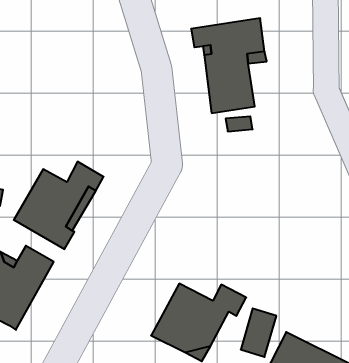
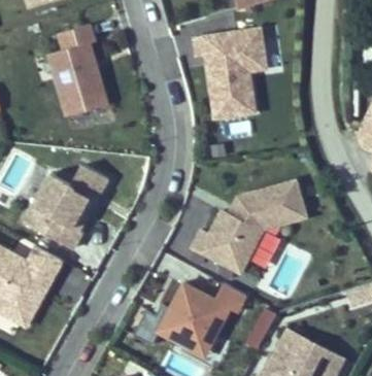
building: none -> [48,24,107,115]
building: none -> [189,181,308,278]

